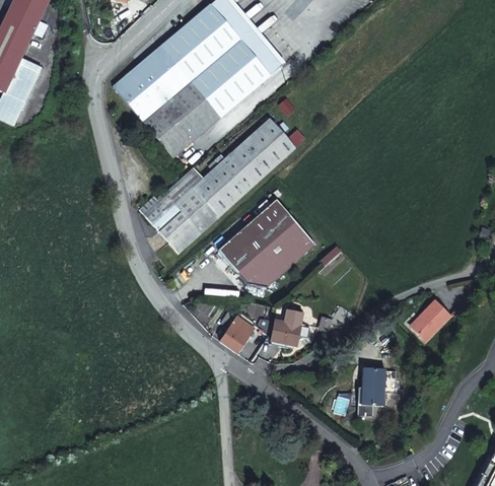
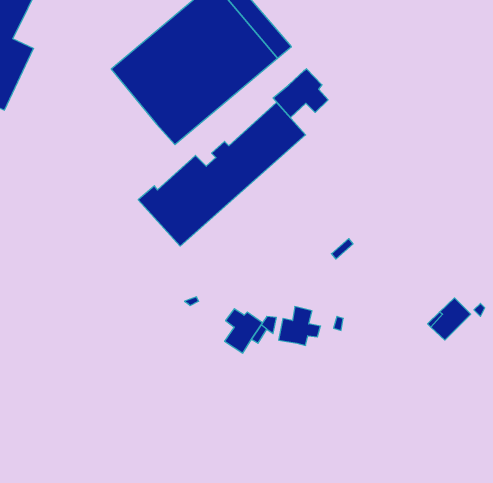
building: none -> [273,69,328,118]
building: [218,199,314,287] -> none
building: [362,366,397,416] -> none

